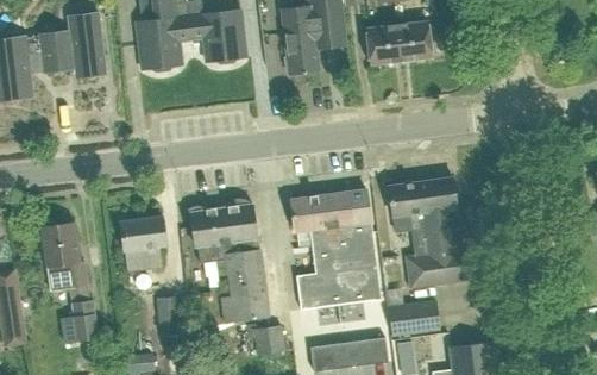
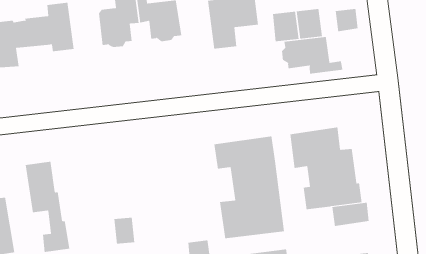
building: none -> [335,8,358,32]
building: none -> [281,36,357,74]
building: [190,202,269,320] -> none
building: [119,214,165,270] -> none
building: [389,302,439,335] -> [331,202,369,227]

